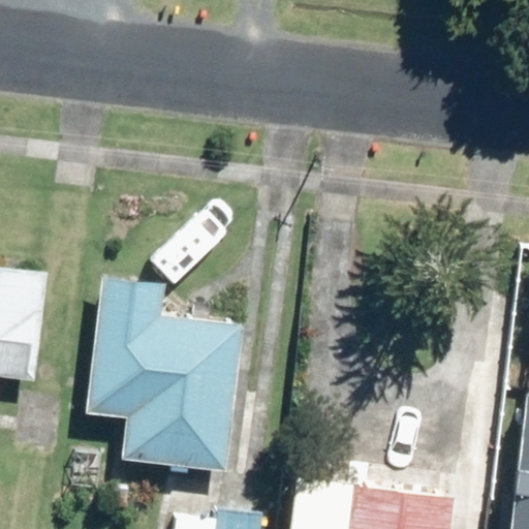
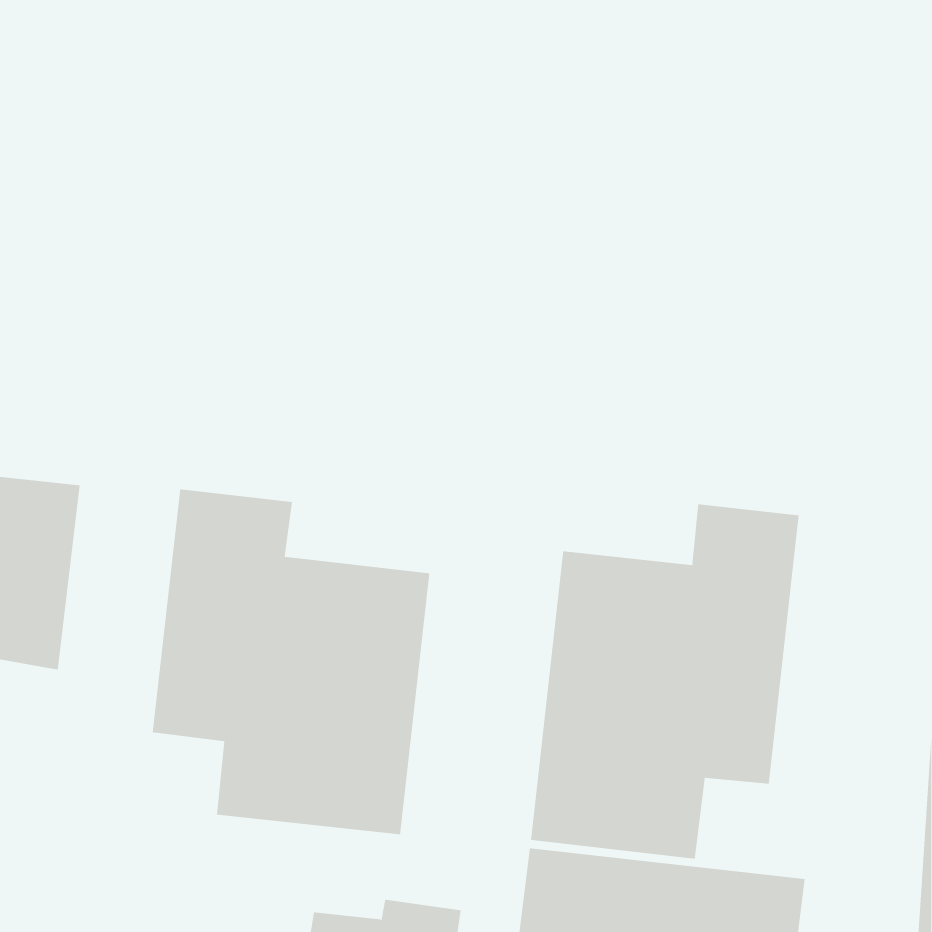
building: none -> [530,504,799,859]

